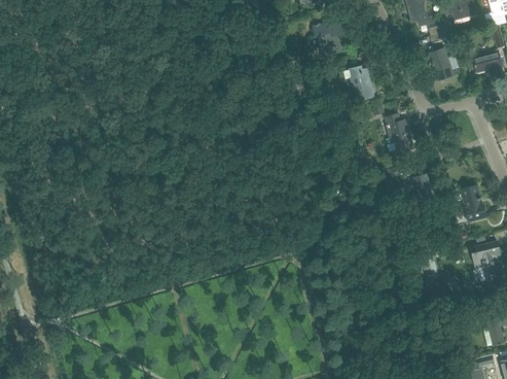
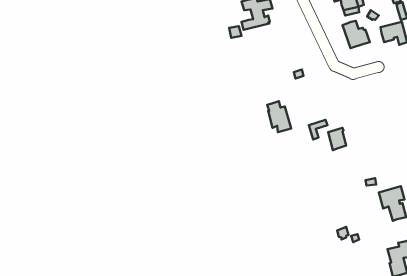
building: [342,66,373,100] -> none
building: [385,112,412,148] -> [267,101,291,132]
building: [459,184,486,220] -> none

